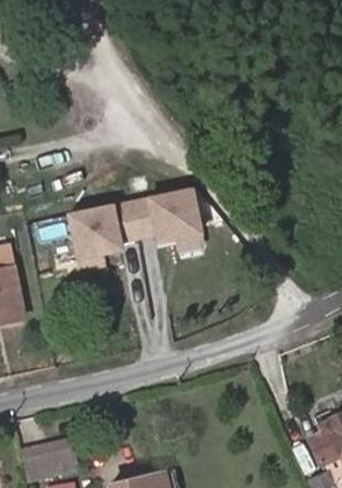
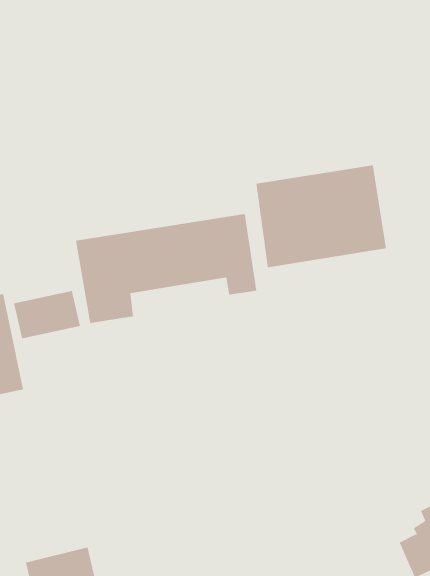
building: none -> [256,165,387,268]
building: none -> [13,290,81,339]

